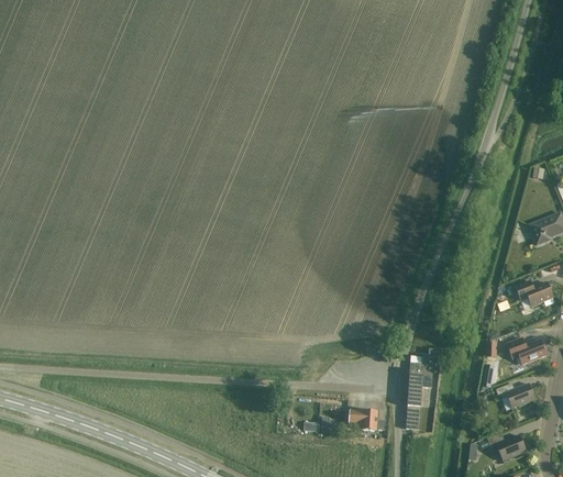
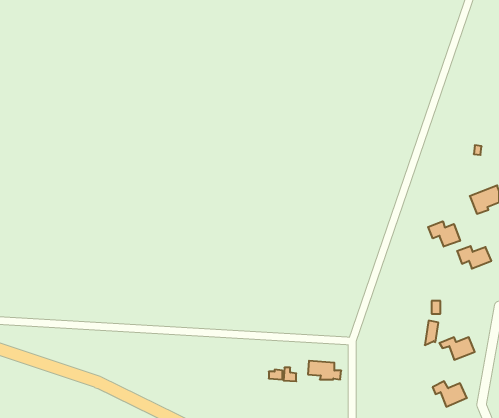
building: none -> [428,221,460,247]
building: [506,337,547,364] -> none
building: [406,355,431,429] -> none

